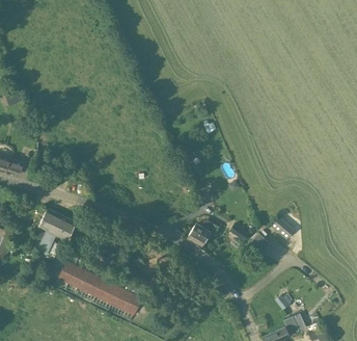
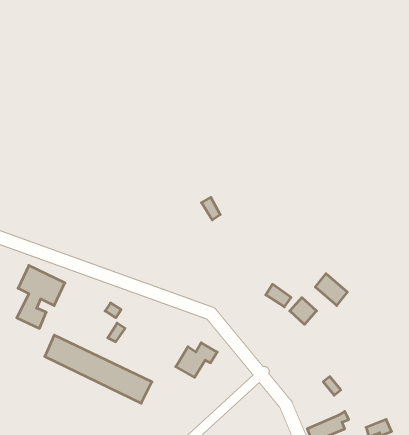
building: [188,218,220,245] -> [176,343,217,377]

